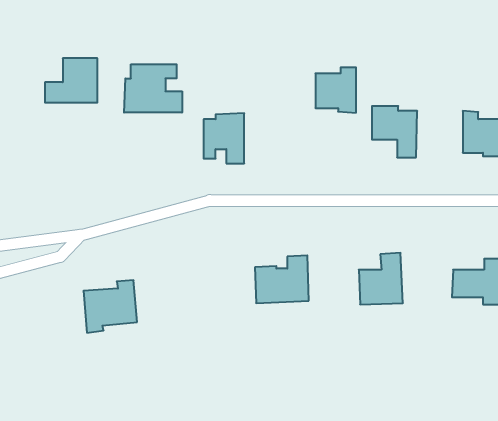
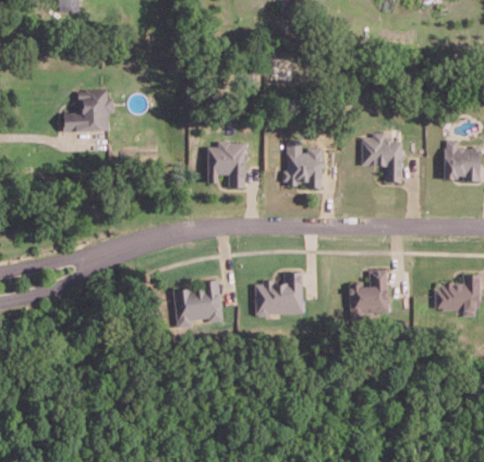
building: [124,64,182,113] -> none
building: [315,67,356,113] -> [285,147,322,189]
building: [83,280,137,333] -> [172,280,221,328]

